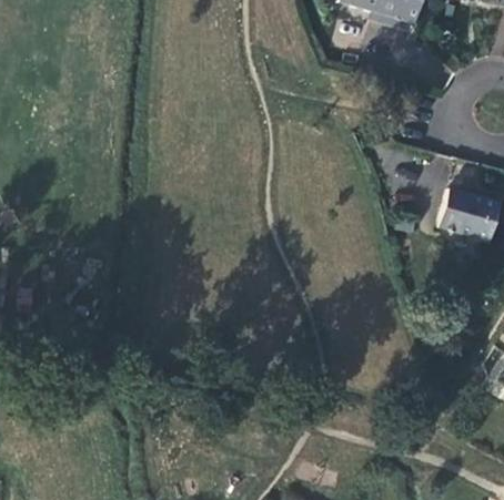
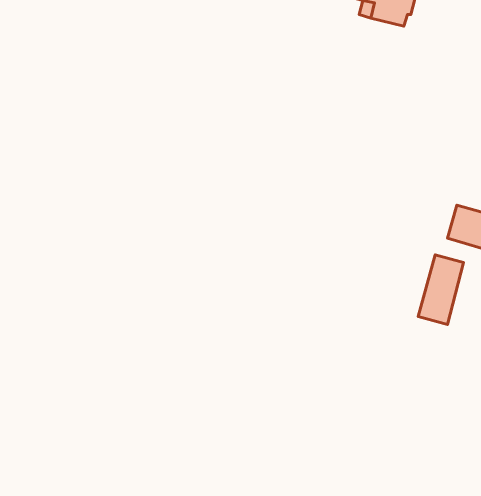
building: none -> [418,255,464,324]

